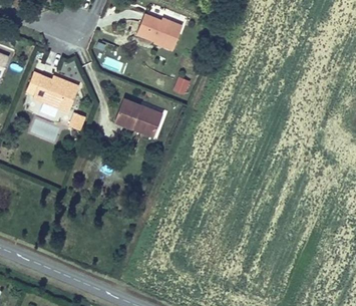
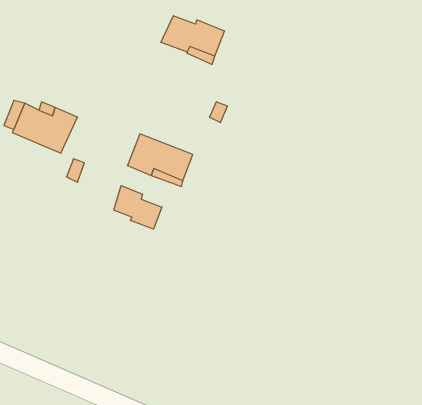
building: none -> [114,186,162,229]

